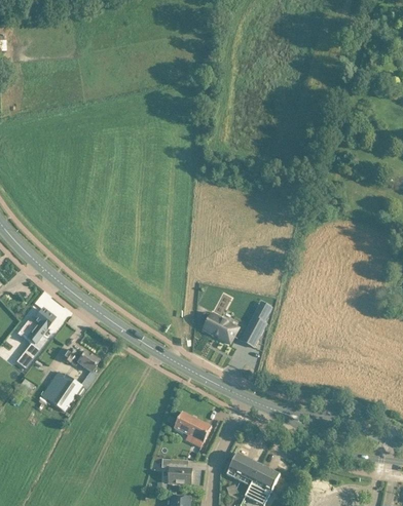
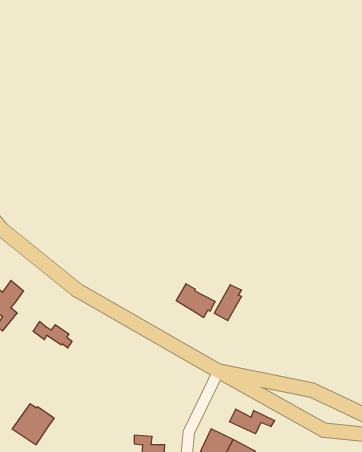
building: [40,372,81,412] -> [12,404,54,445]
building: [174,412,211,446] -> none
building: none -> [230,409,275,434]

